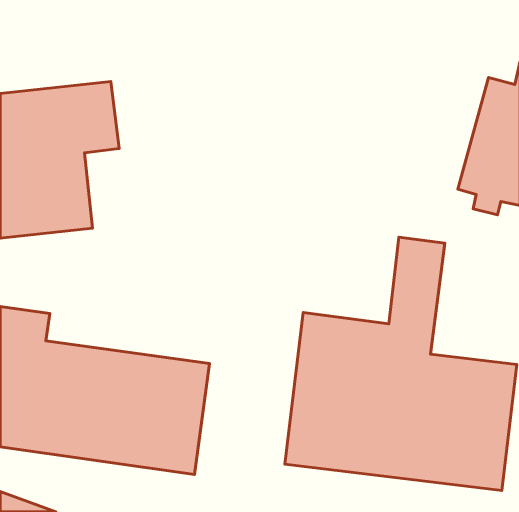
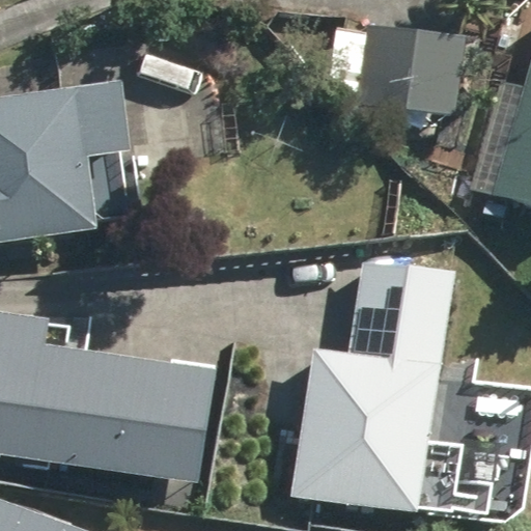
building: none -> [330,25,469,118]

